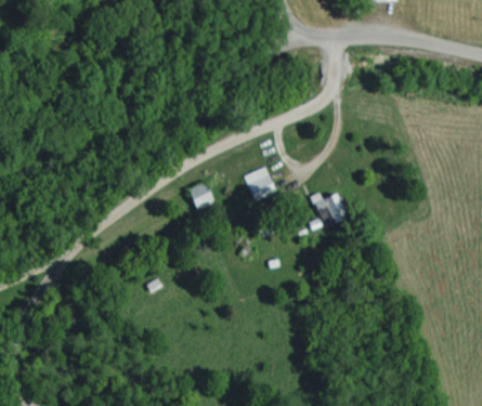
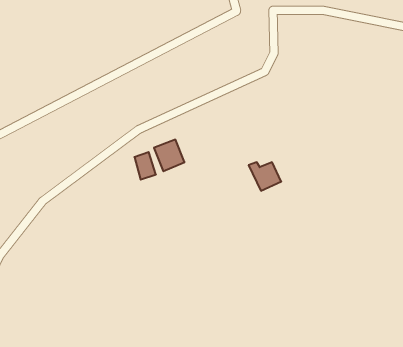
building: [245,167,277,200] -> [154,140,185,171]

